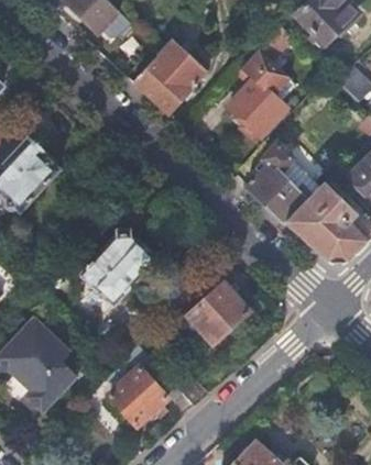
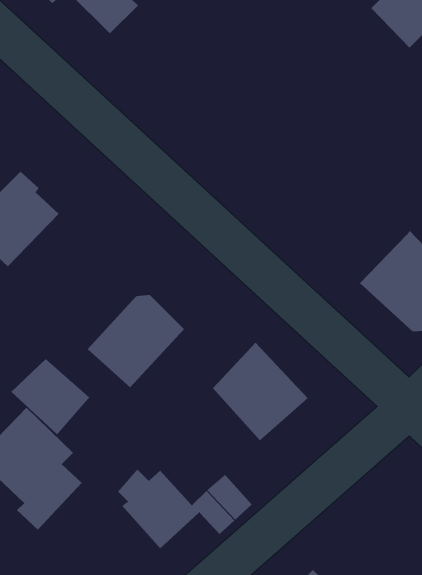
building: [230,24,302,140] -> none
building: [134,40,208,113] -> none
building: [247,143,325,223] -> none
building: none -> [11,358,90,435]

